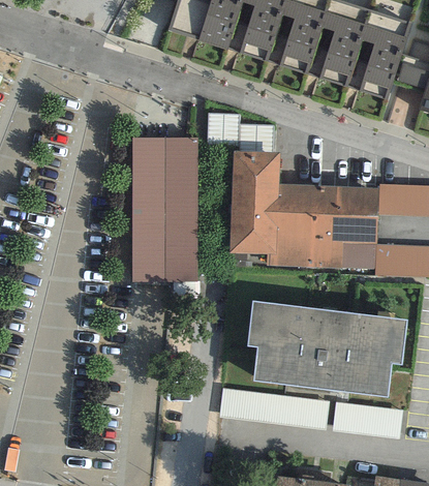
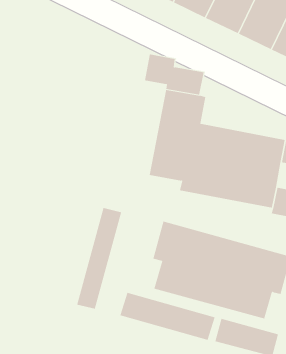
building: [132,138,197,281] -> none
building: none -> [76,207,122,310]

